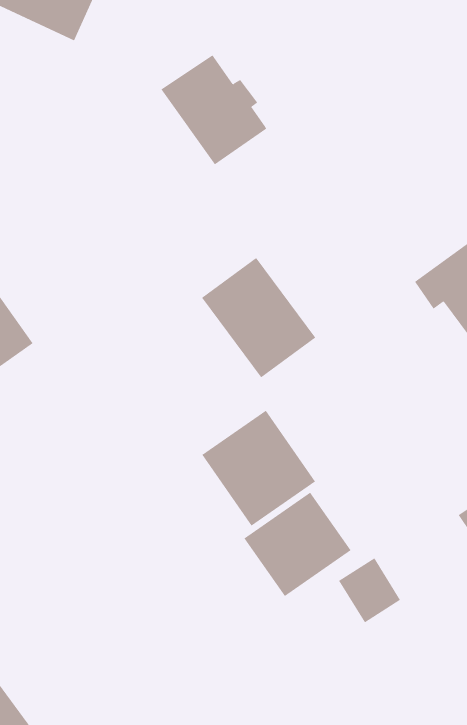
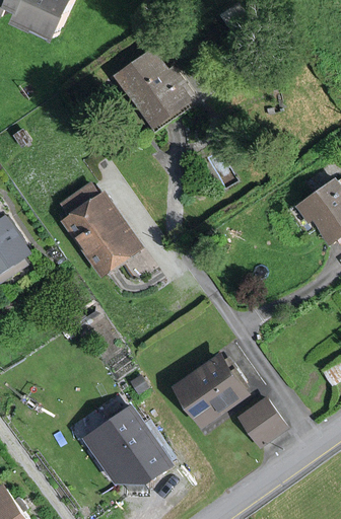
building: [201,257,316,378] -> [62,193,142,277]
building: [202,410,316,526] -> none
building: none -> [91,410,167,484]

